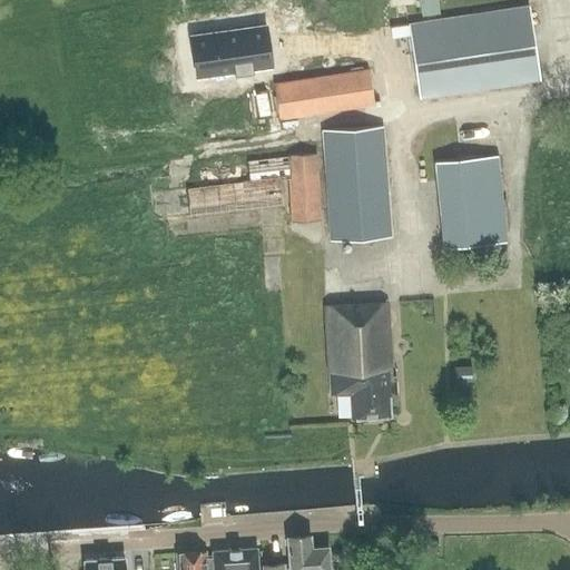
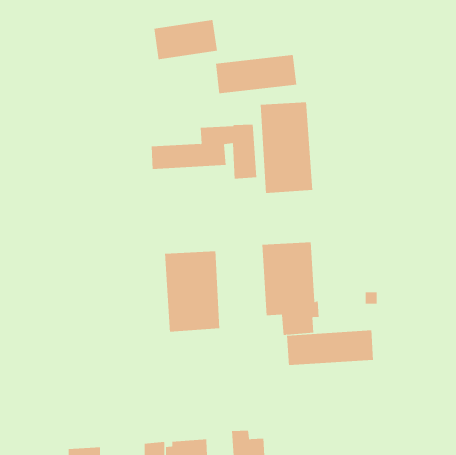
building: [410,8,540,99] -> none
building: [436,157,507,249] -> none
building: none -> [164,250,220,332]
building: none -> [287,330,374,366]

